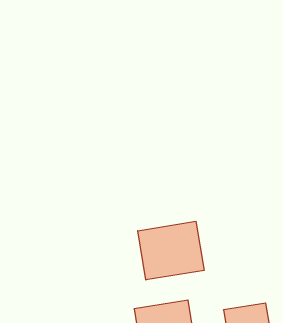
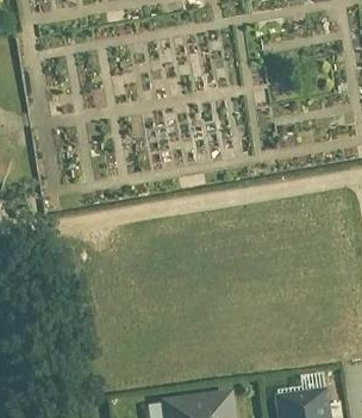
building: [138,221,204,280] -> none

